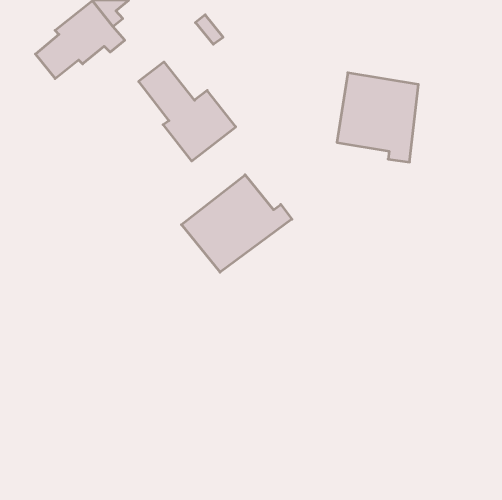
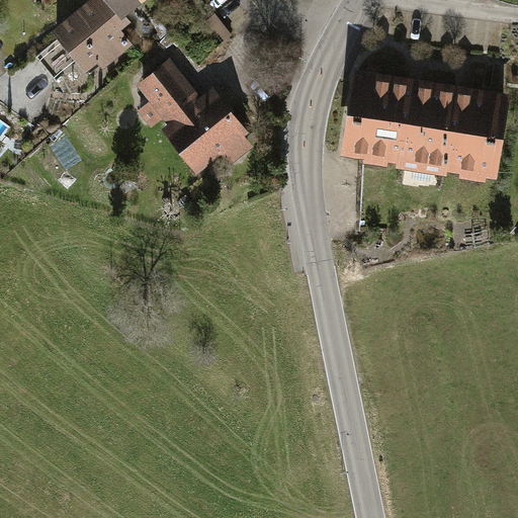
building: none -> [422,89,505,173]
building: [181,175,292,272] -> none

